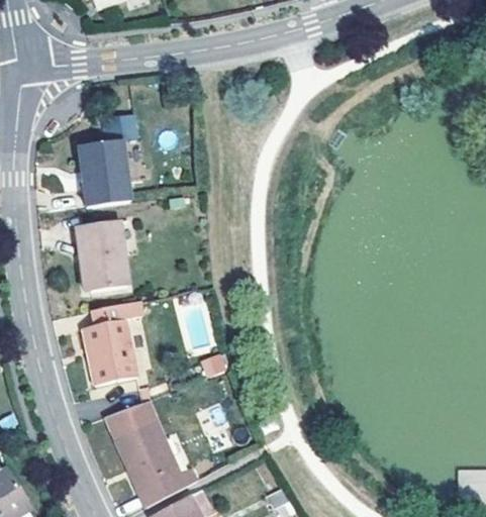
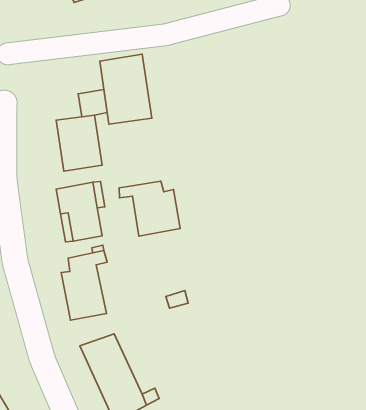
building: none -> [100,54,152,124]
building: none -> [119,181,180,236]

